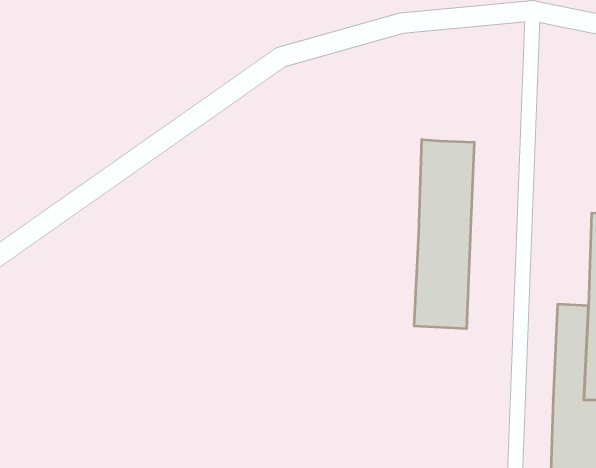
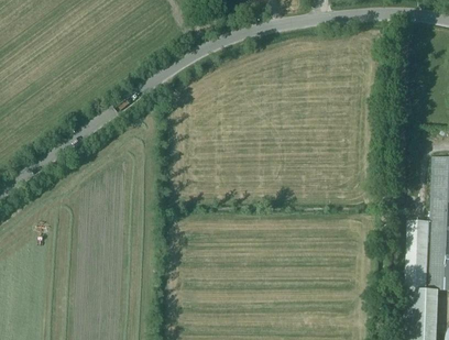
building: [414,139,474,329] -> none

